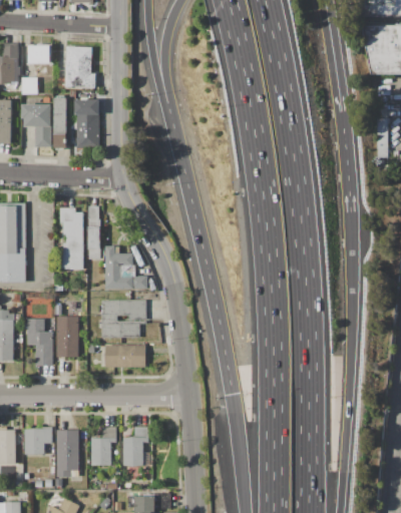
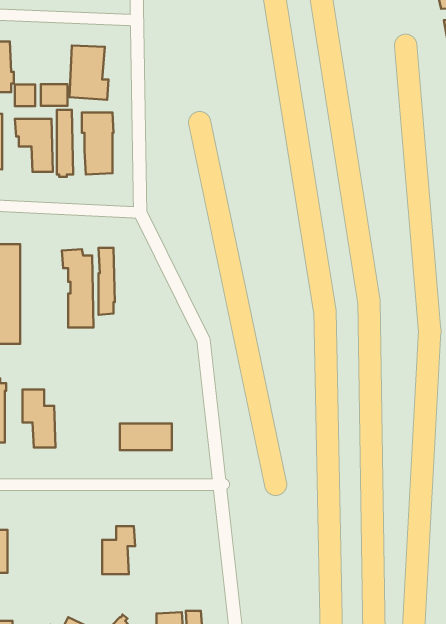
building: [29,45,50,62] -> [41,84,67,106]
building: [104,245,146,290] -> none
building: [97,300,145,338] -> none
building: [56,317,78,357] -> none
building: [24,427,52,455] -> none
building: [122,427,148,465] -> none
building: [56,430,78,477] -> none

